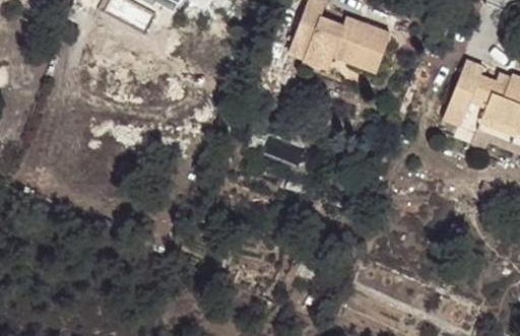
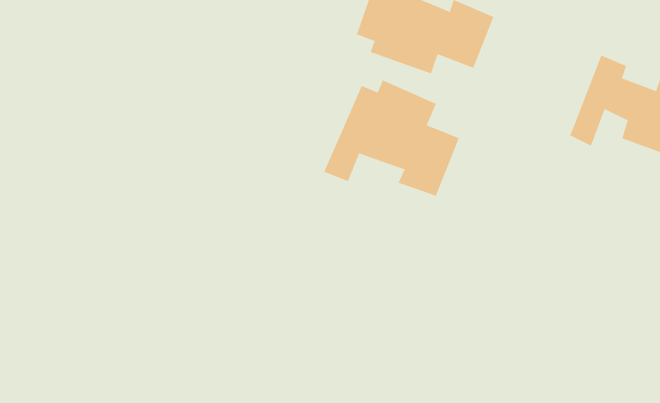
building: none -> [323,79,459,197]

